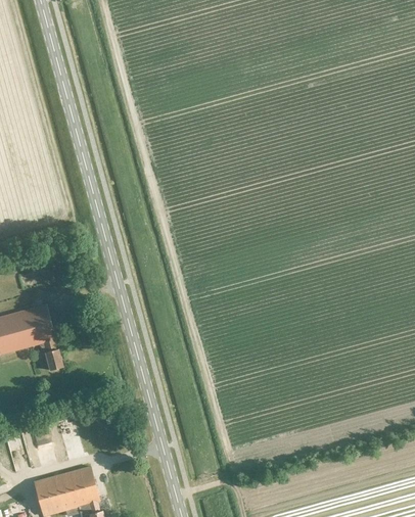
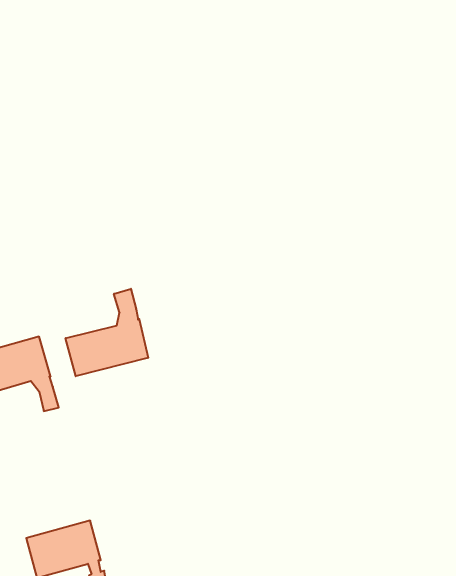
building: none -> [66,289,148,376]

